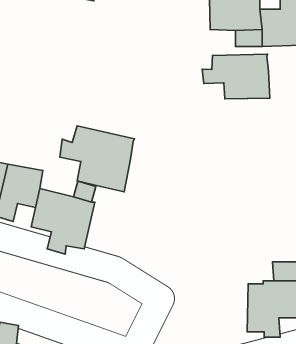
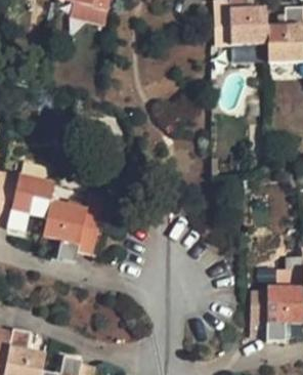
building: [202,54,270,99] -> none
building: [60,126,135,192] -> none

